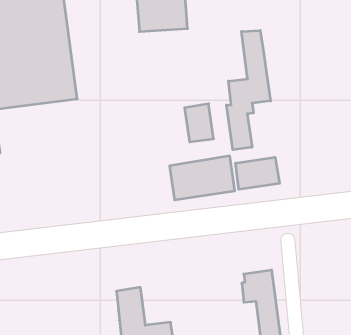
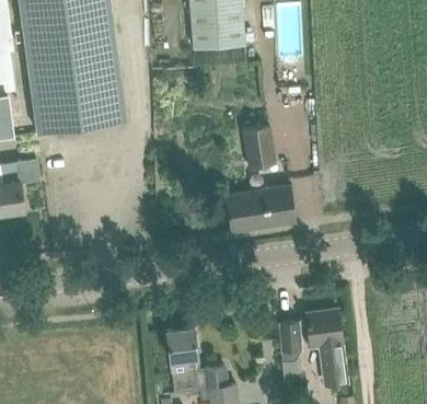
building: [226,30,271,150] -> none
building: [236,157,280,189] -> none
building: none -> [280,322,302,362]

